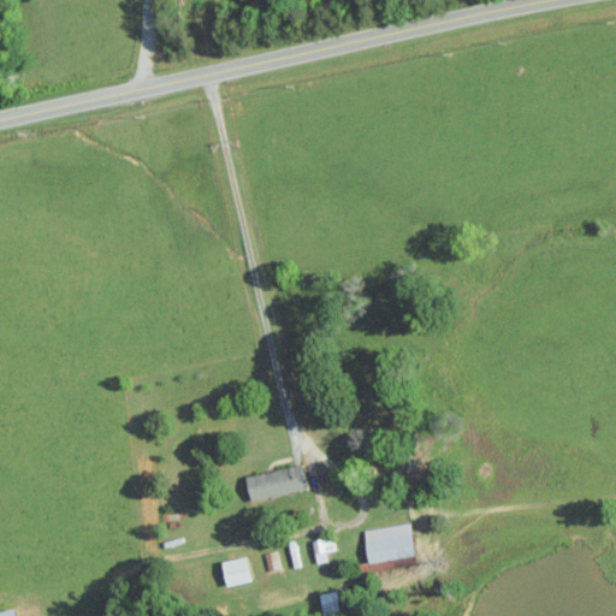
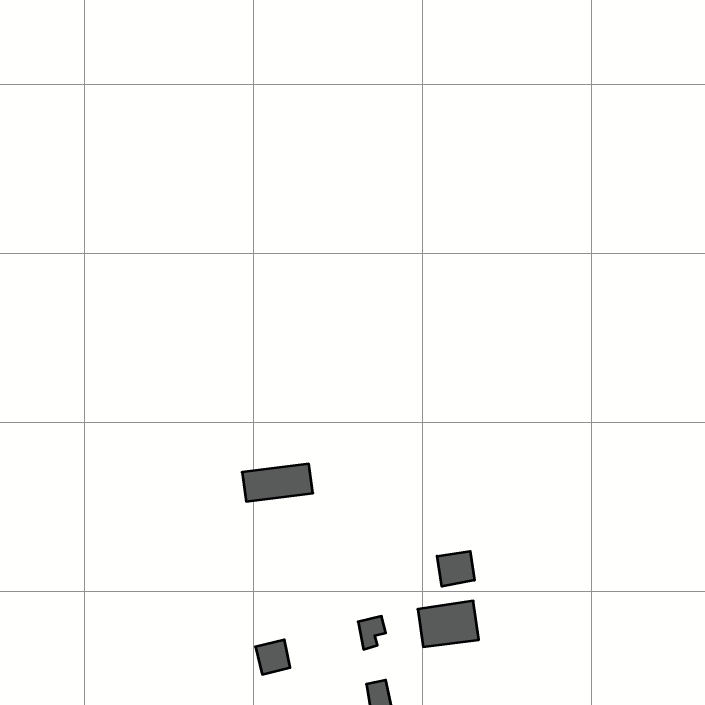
building: [245,468,307,500] -> [242,464,313,501]
building: none -> [437,551,474,586]

